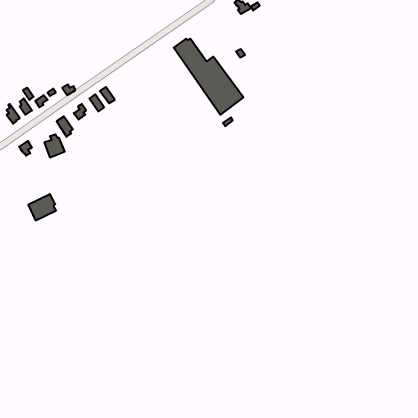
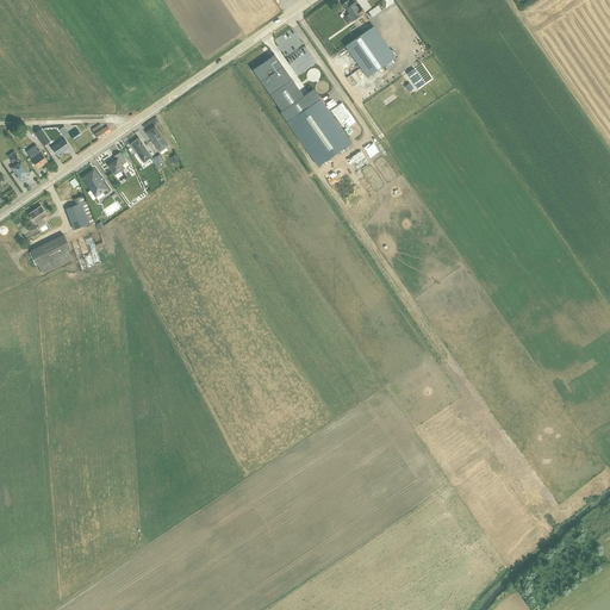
building: none -> [344,25,394,76]
building: [28,194,56,220] -> [30,234,70,272]

